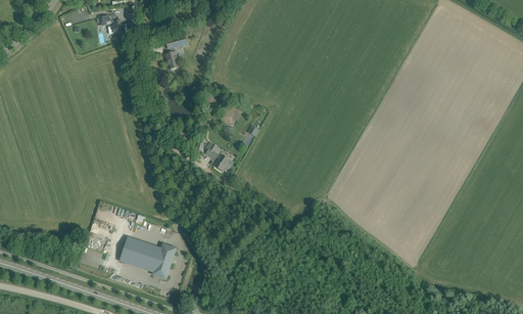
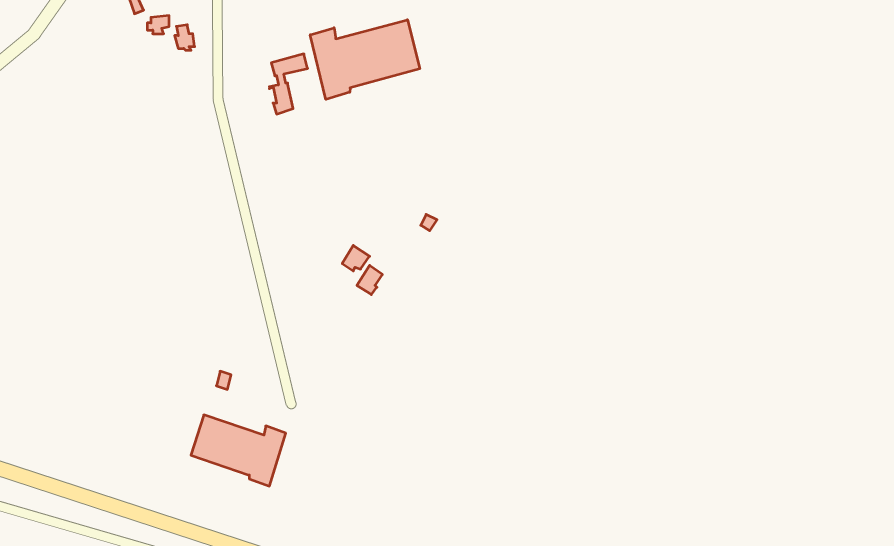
building: none -> [310,20,420,99]

